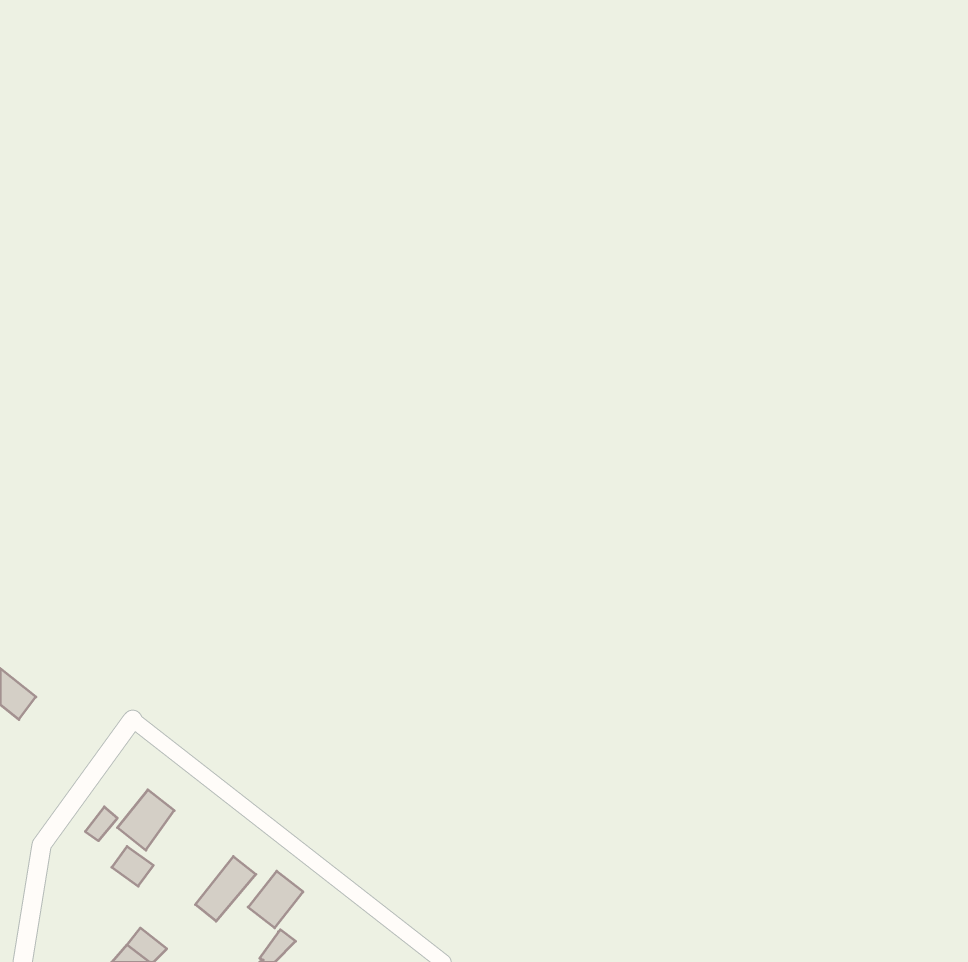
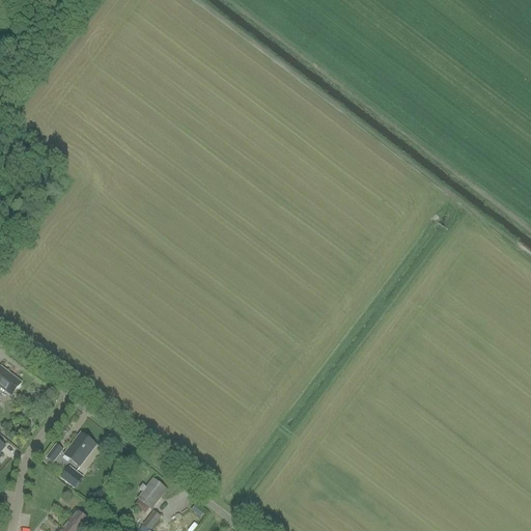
building: [195,856,256,921] -> none

